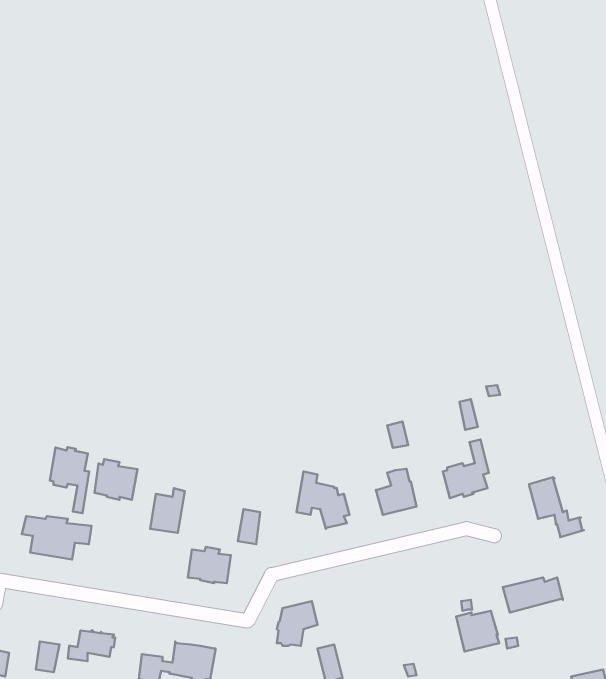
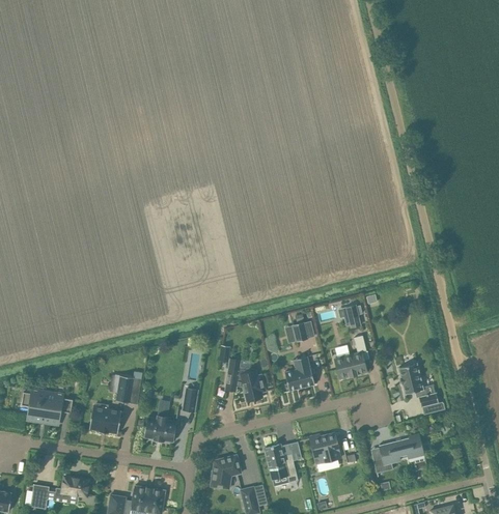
building: [50,447,89,513] -> none
building: [94,459,138,500] -> [89,403,121,433]
building: none -> [265,444,298,482]
building: [456,611,499,651] -> [309,434,341,464]

